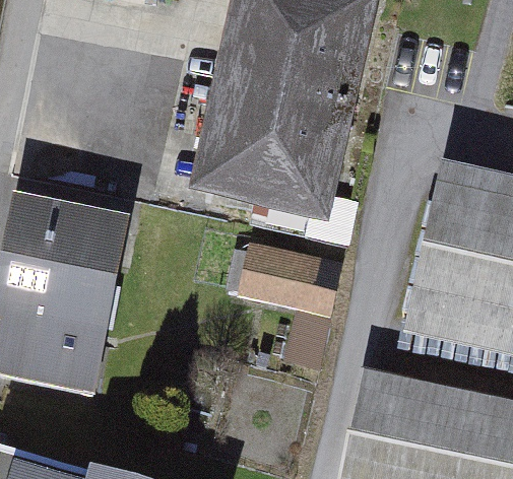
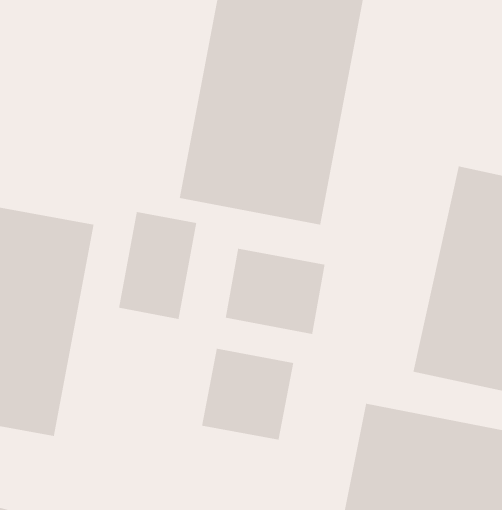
building: none -> [118,211,197,320]
building: none -> [201,348,294,441]

